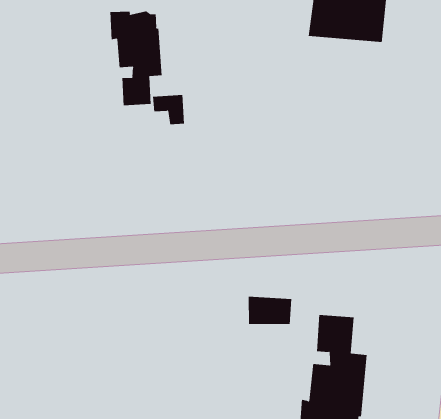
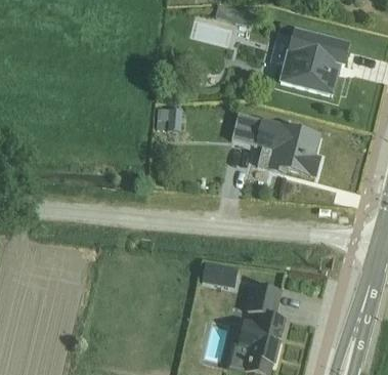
building: [110,11,162,106] -> none
building: none -> [231,112,319,174]

